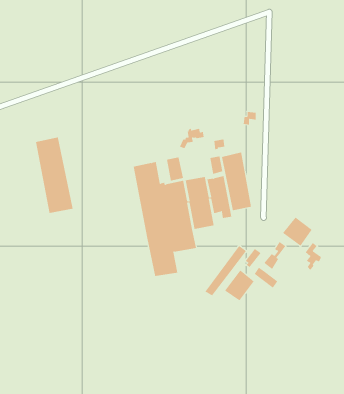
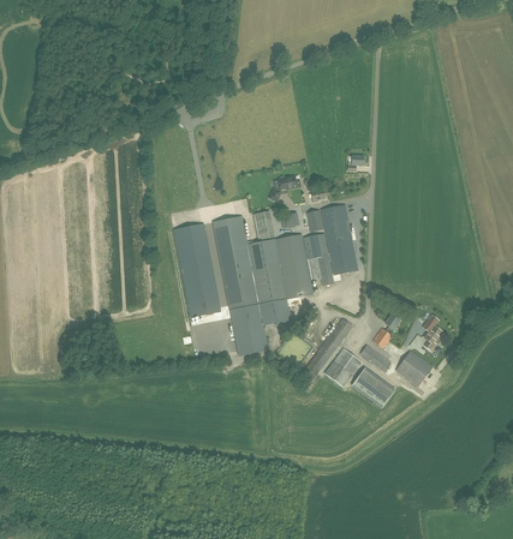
building: [35,137,73,214] -> [174,223,221,317]
building: [282,217,313,247] -> [395,351,433,387]
building: none -> [352,367,395,407]

